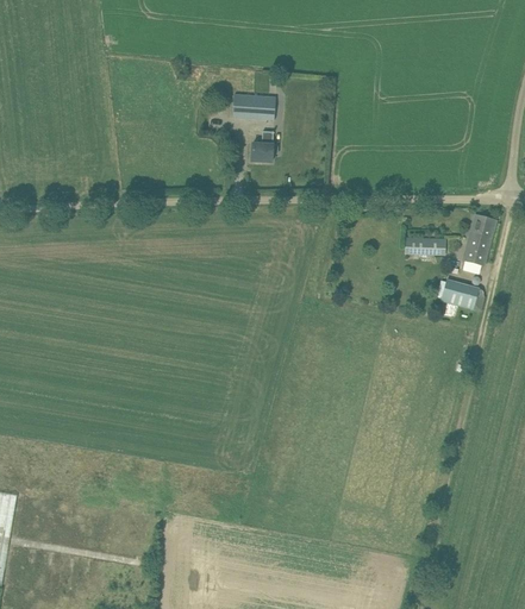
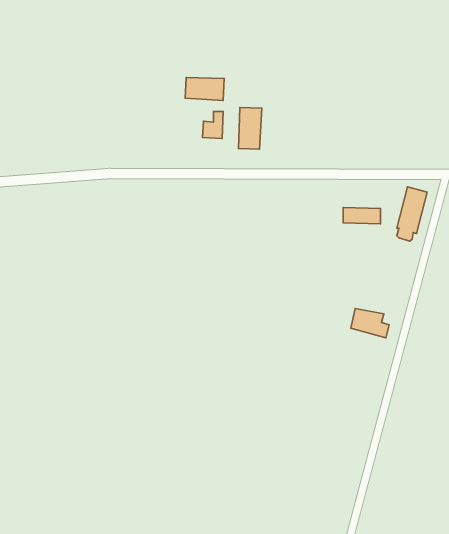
building: none -> [239,107,262,149]
building: [442,278,483,310] -> [351,308,389,338]

